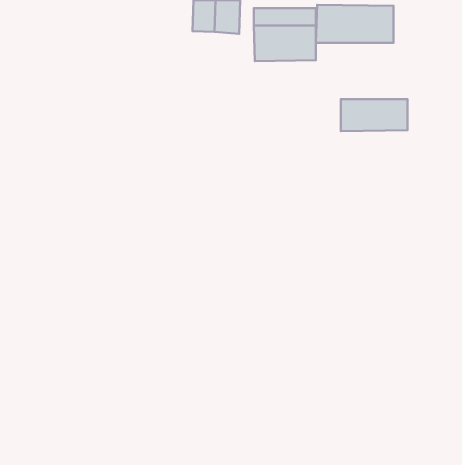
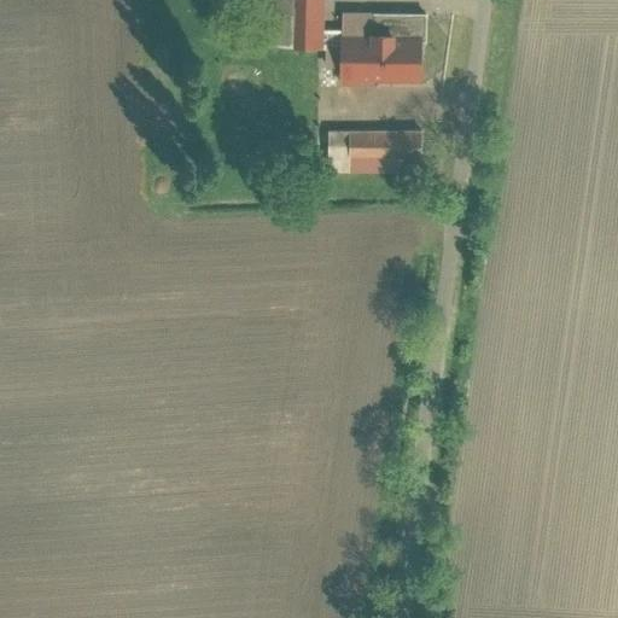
building: [316,5,393,43] -> none
building: [341,99,407,131] -> [330,130,418,173]

